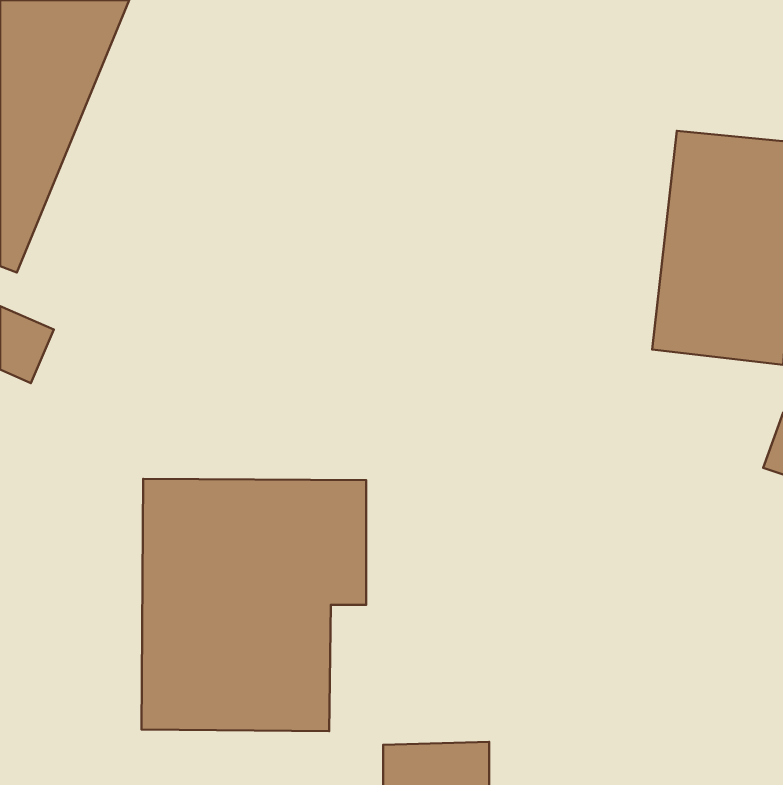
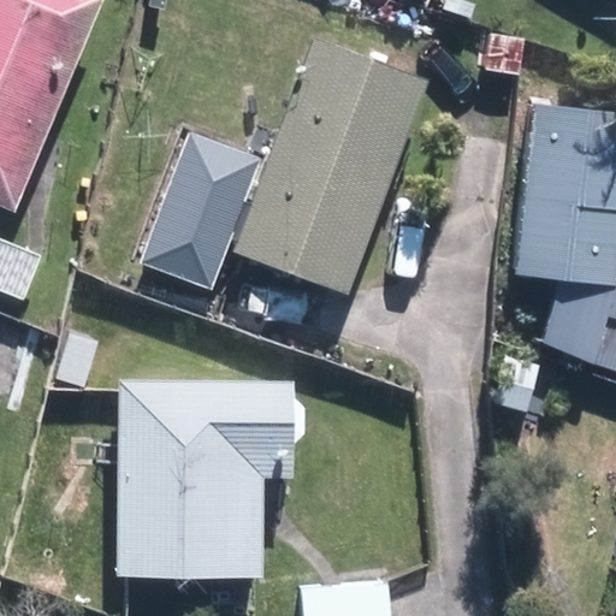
building: none -> [232,40,427,296]
building: none -> [138,128,261,291]

